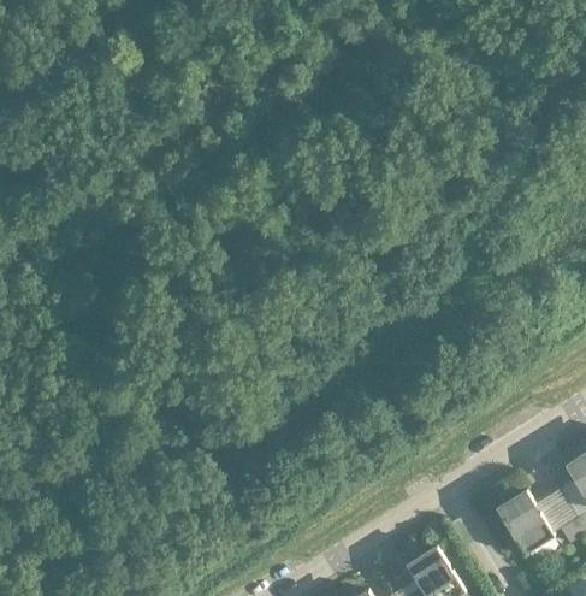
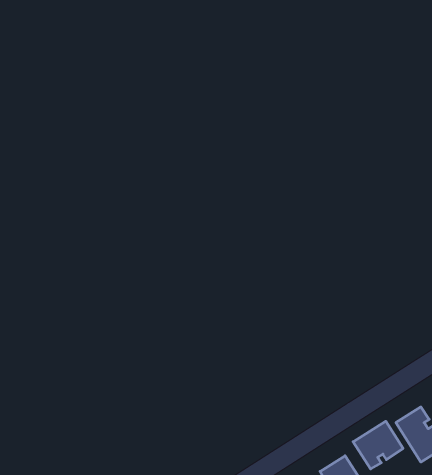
building: none -> [353,421,403,469]

